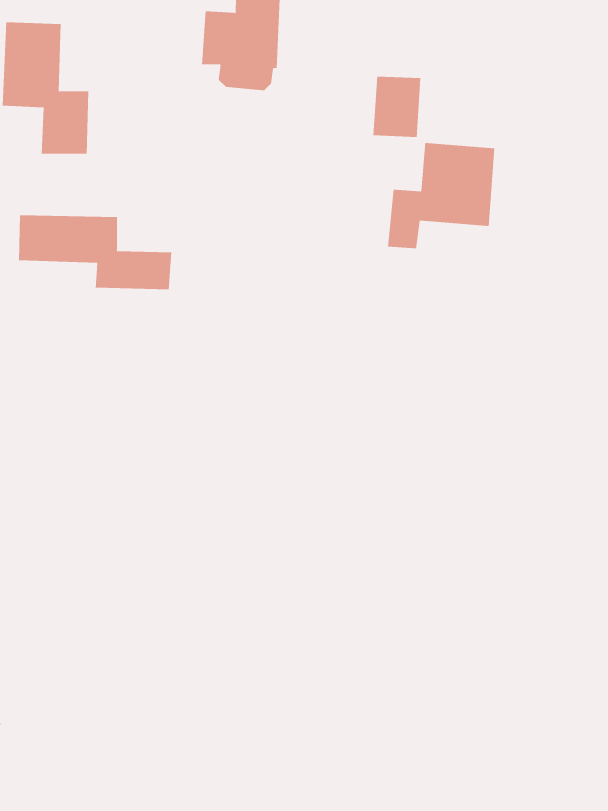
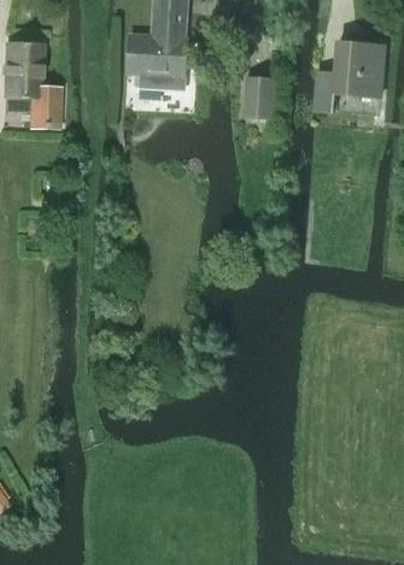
building: [387,143,495,249] -> [316,43,386,112]
building: [18,215,172,290] -> none

